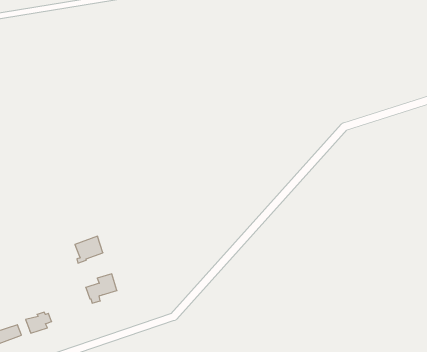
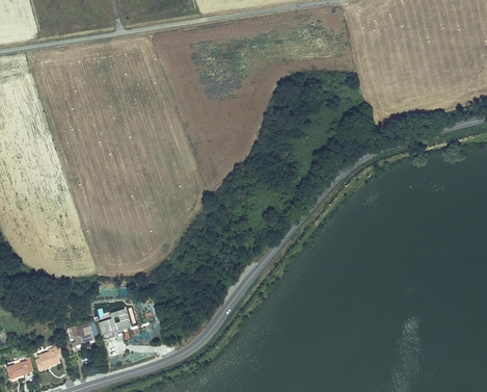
building: [75,236,103,263] -> [69,320,97,347]

